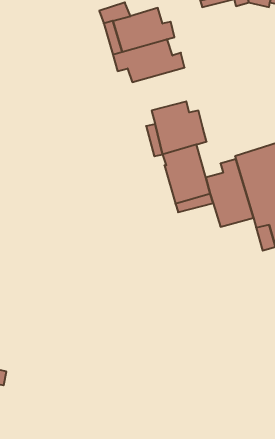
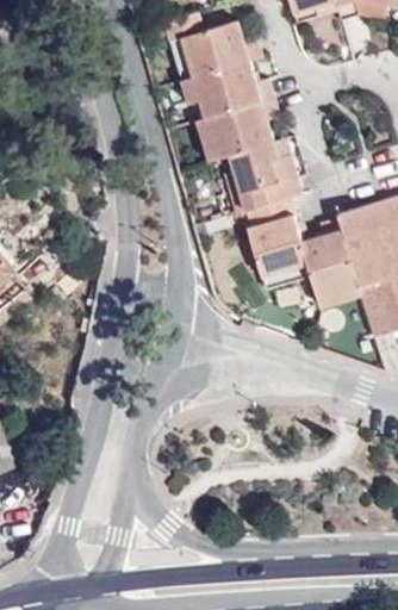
building: none -> [198,99,280,161]

